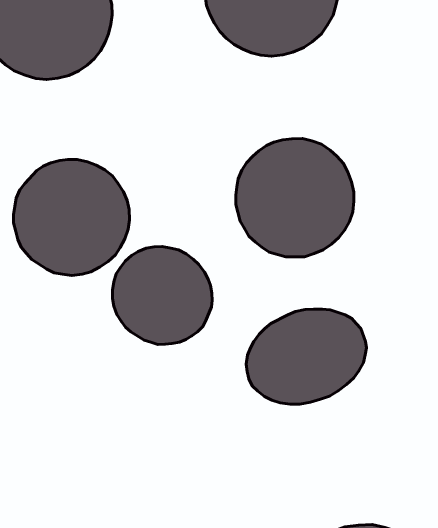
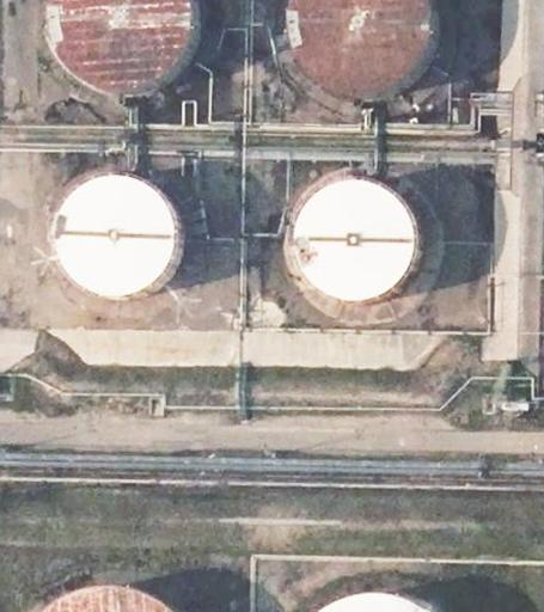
building: [112,247,212,344] -> none
building: [246,309,367,404] -> none

